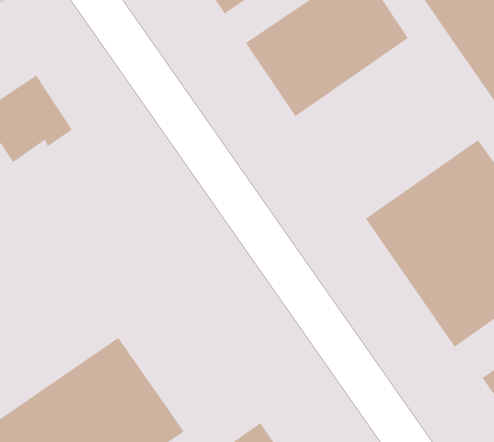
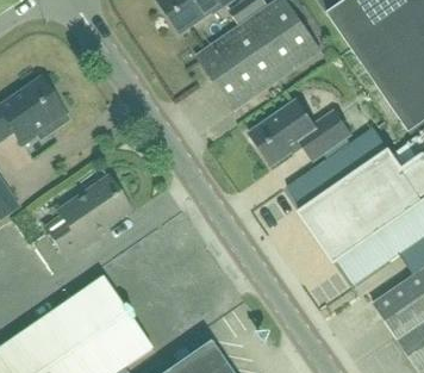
building: none -> [251,99,351,164]
building: none -> [44,175,130,250]

